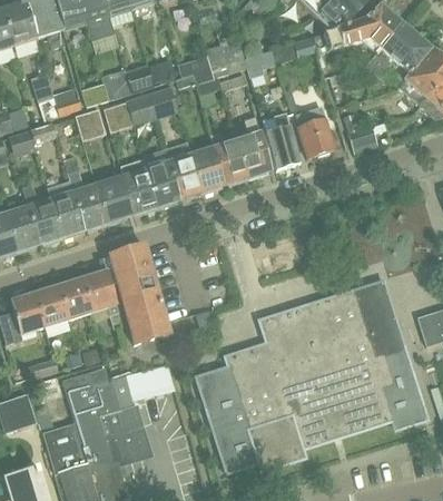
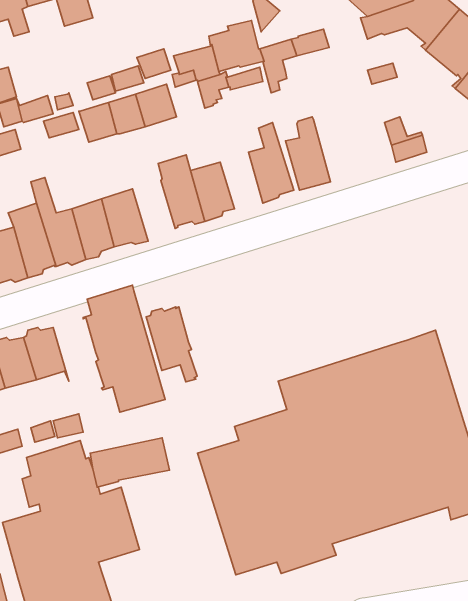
building: [296,108,335,157] -> none
building: [210,131,247,184] -> none
building: [145,161,178,209] -> none
building: [82,269,122,328] -> [146,307,197,382]

